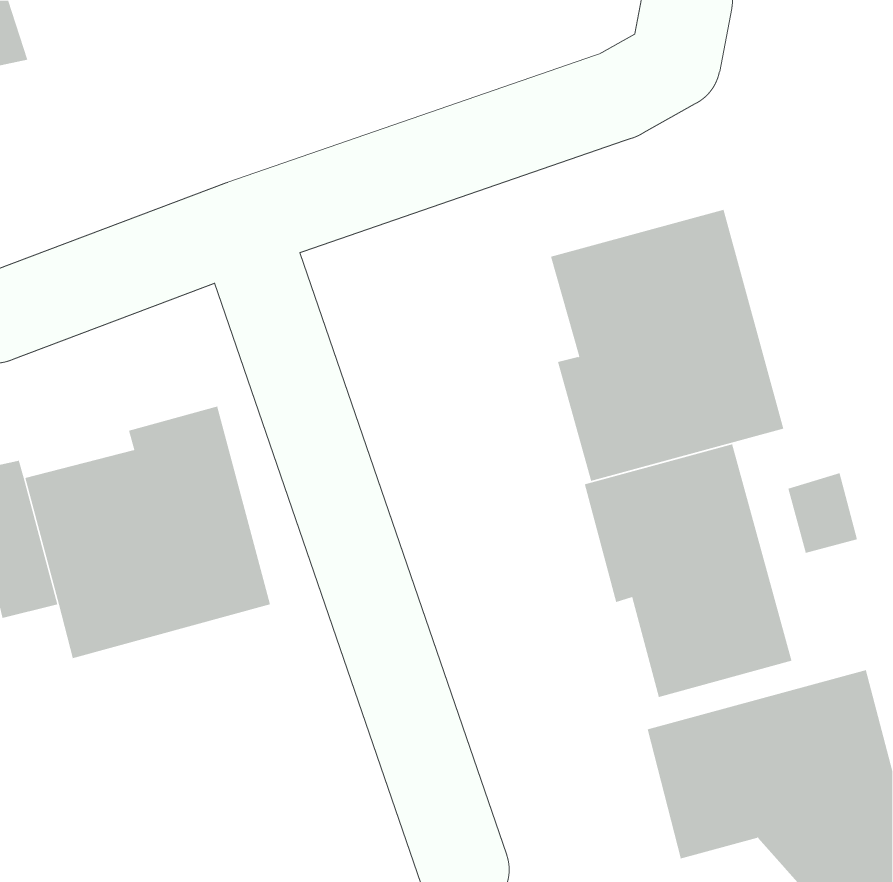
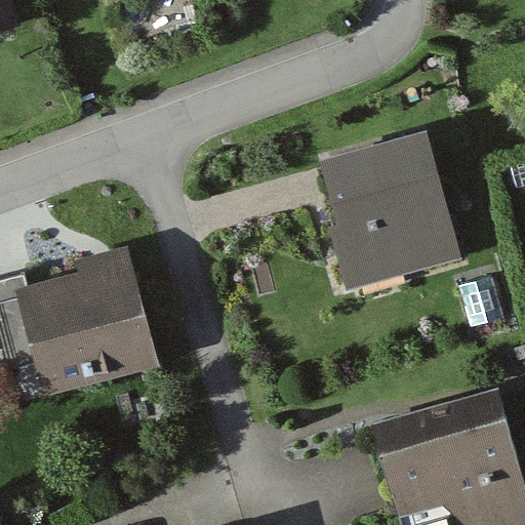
building: [584,443,792,698] -> none

